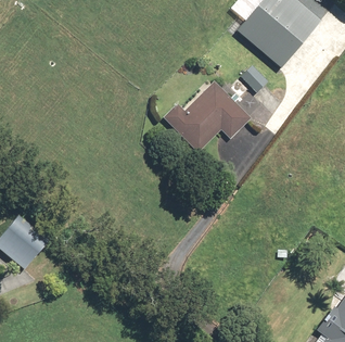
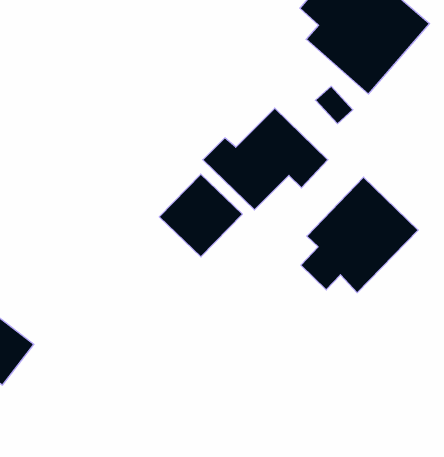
building: none -> [159,174,242,257]
building: none -> [301,177,418,293]

